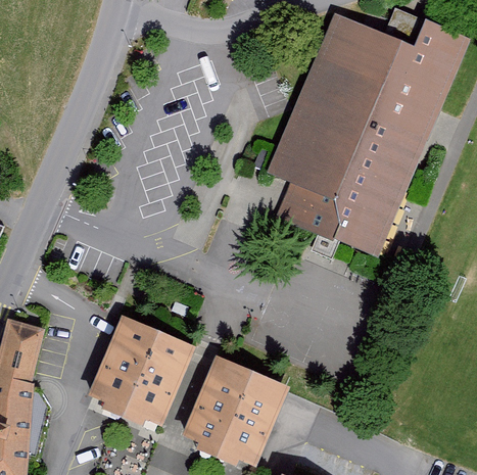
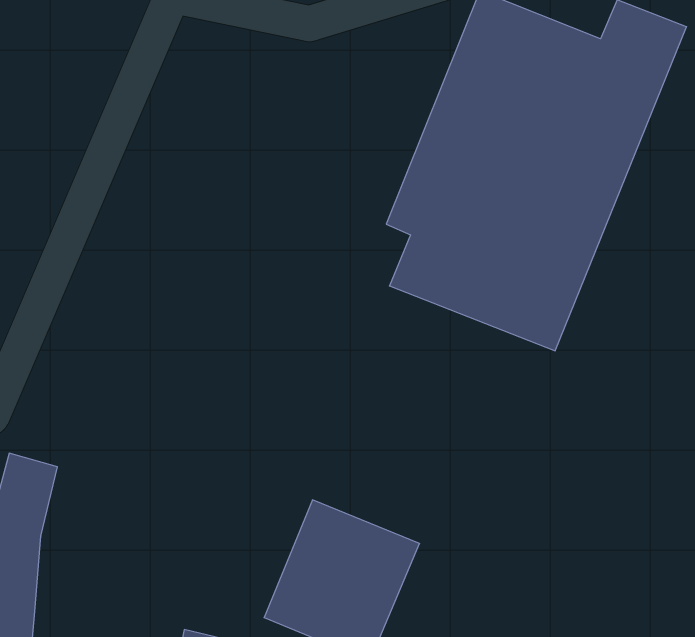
building: [90,318,192,427] -> none

